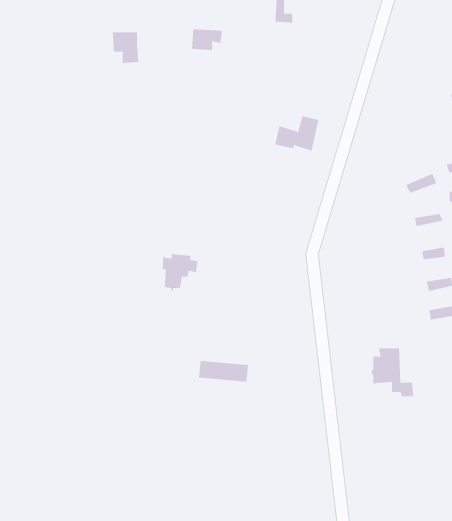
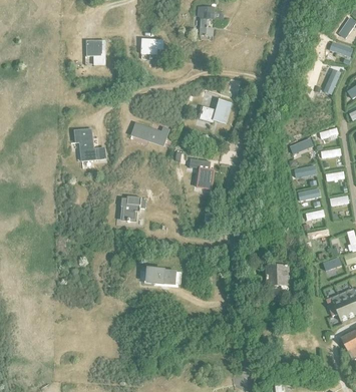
building: none -> [132,122,168,145]
building: none -> [74,128,98,159]
building: none -> [190,157,215,187]

